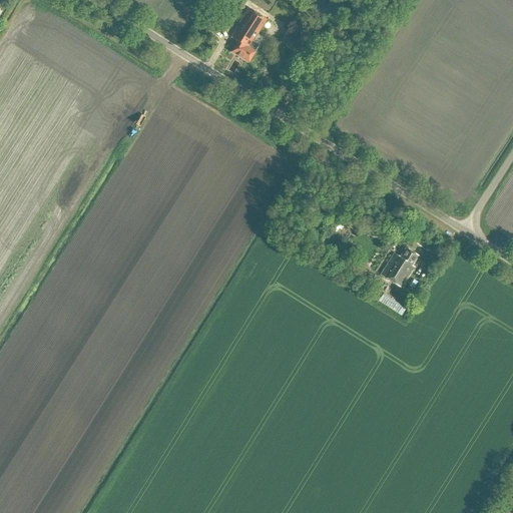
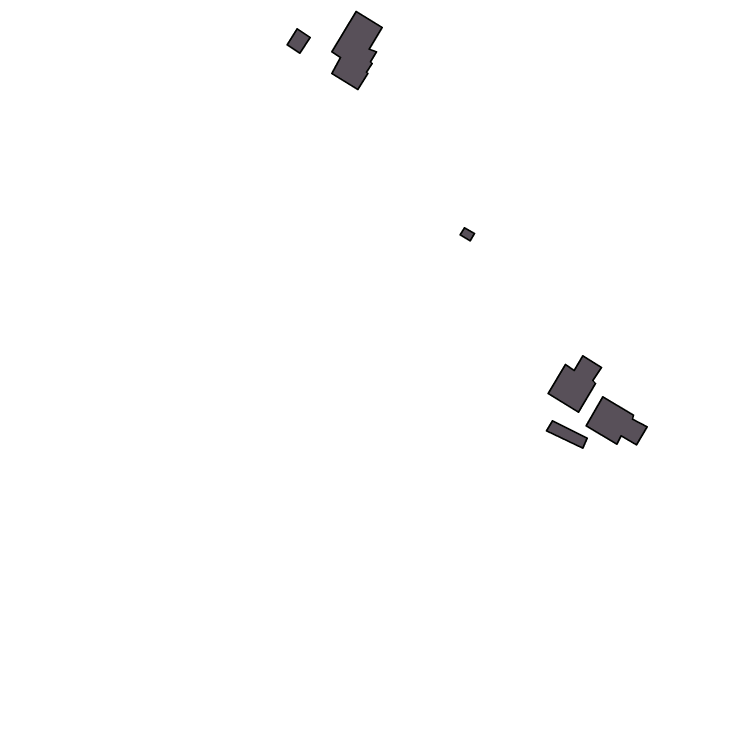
building: none -> [586,397,647,445]

